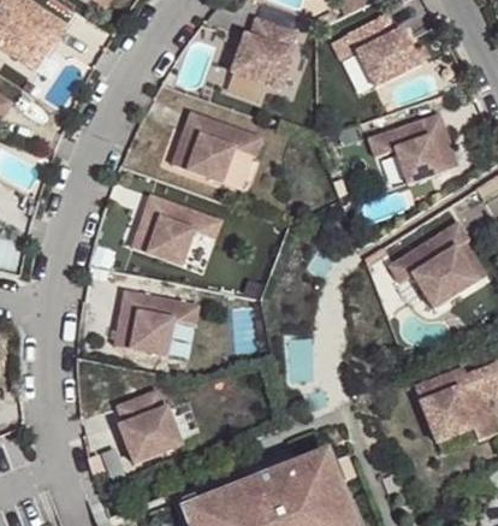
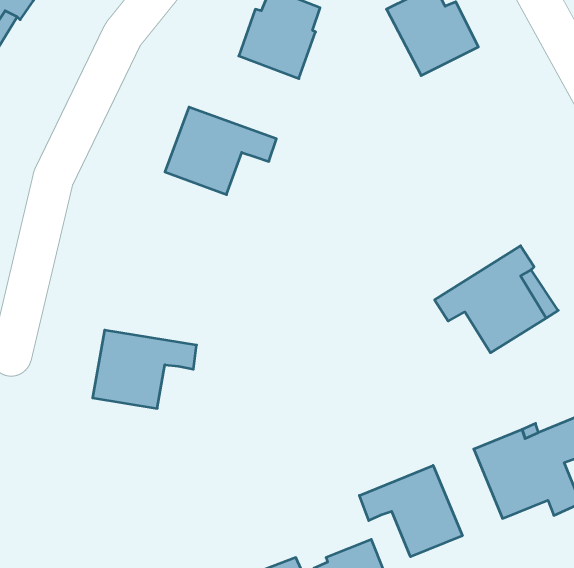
building: [367,112,456,182] -> none
building: [129,194,218,264] -> none
building: [115,389,182,462] -> none
building: none -> [359,465,462,557]

